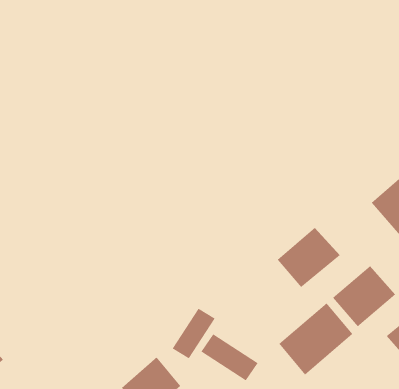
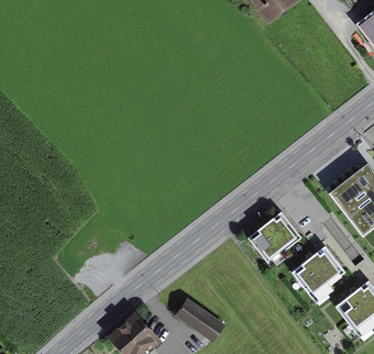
building: [278,302,353,375] -> none
building: [172,308,216,359] -> none

